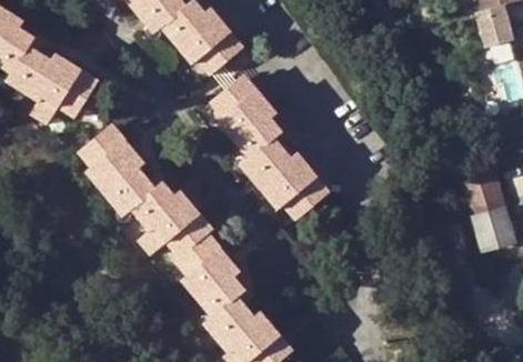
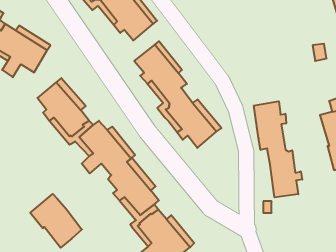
building: none -> [254,101,302,197]
building: none -> [30,194,82,248]

